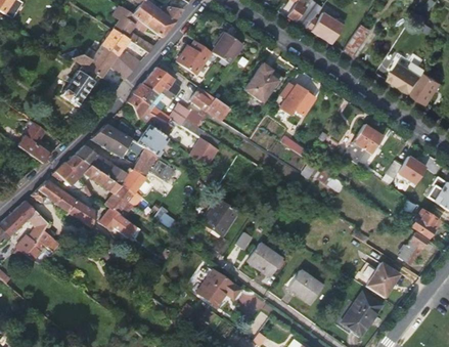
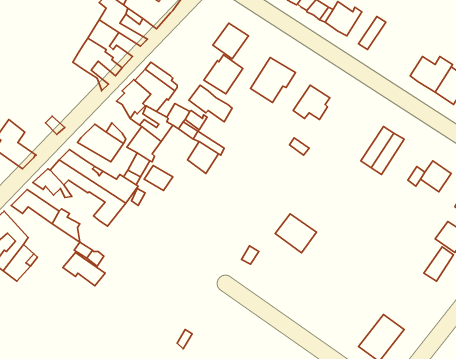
building: [176,39,211,74] -> [204,55,243,94]
building: [60,53,97,105] -> none
building: [203,202,233,233] -> none
building: [99,208,137,237] -> [63,253,105,286]
building: [245,241,282,275] -> [275,214,317,253]
building: [365,262,399,298] -> none
building: [287,268,322,302] -> none
building: [197,269,241,304] -> none

